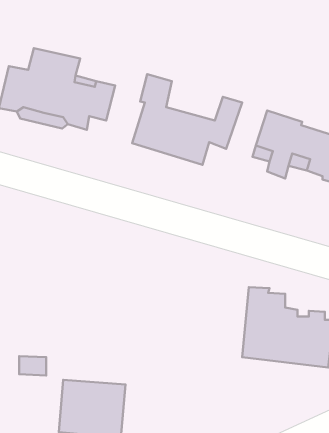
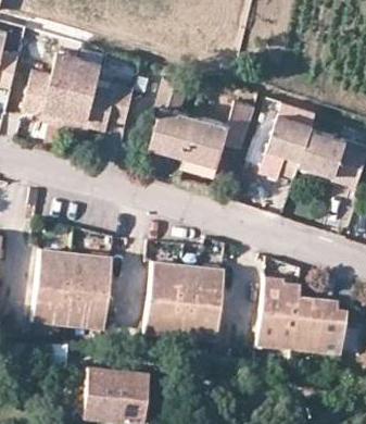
building: none -> [30,250,109,331]
building: none -> [144,262,222,341]

